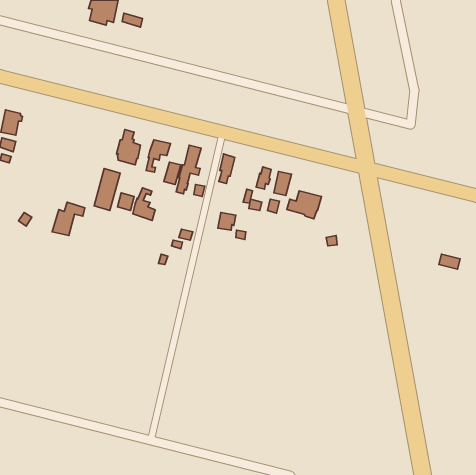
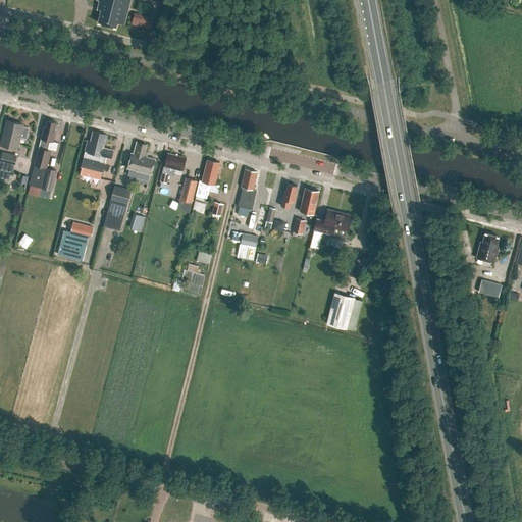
building: none -> [28,121,57,197]
building: none -> [80,133,113,179]
building: [133,188,155,220] -> none
building: none -> [476,233,499,267]
building: none -> [326,293,355,329]

